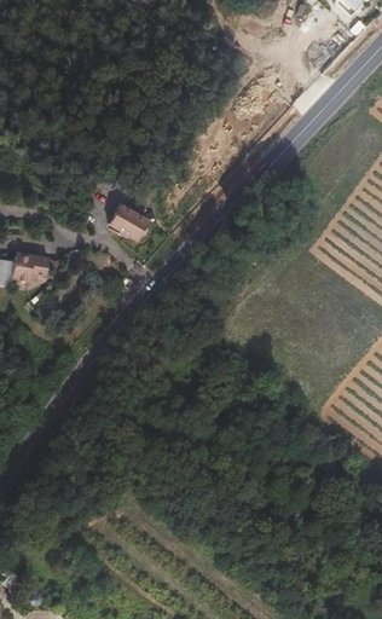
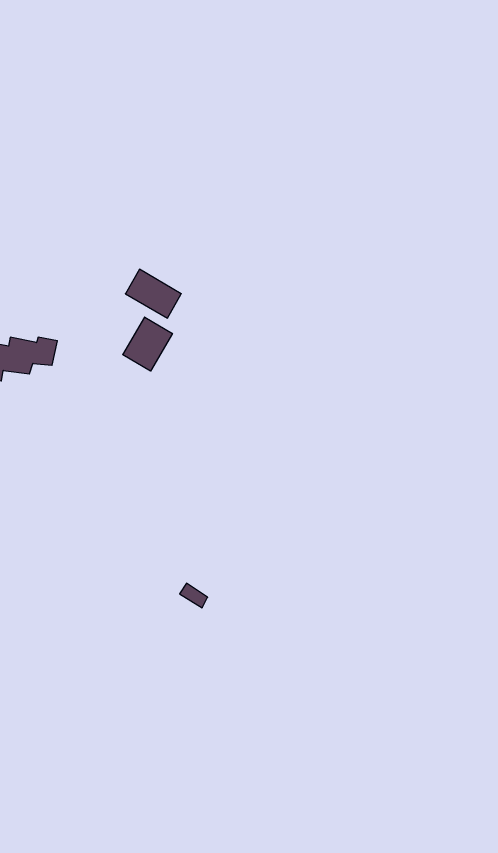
building: none -> [123,317,172,371]

